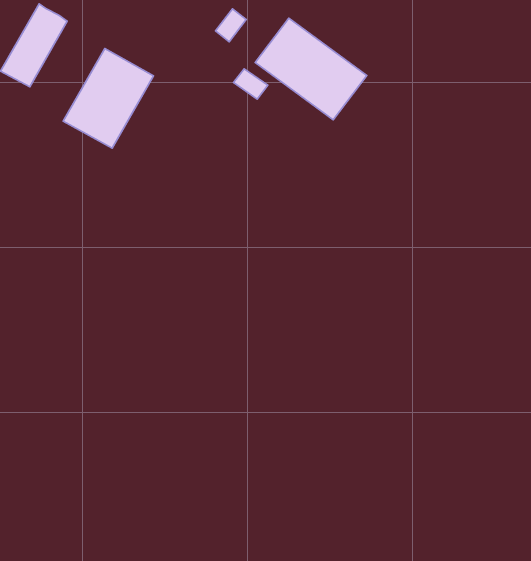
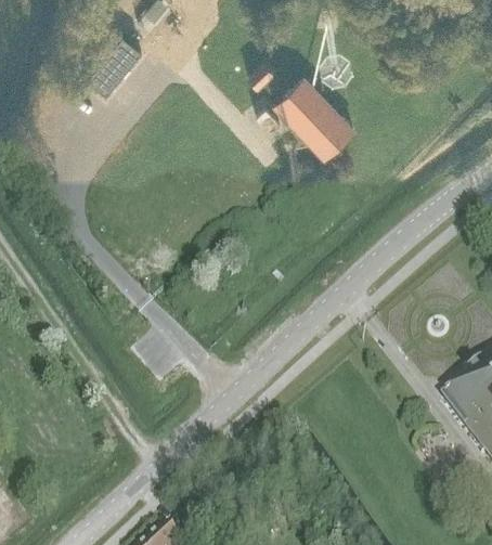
building: [63,49,154,148] -> none

